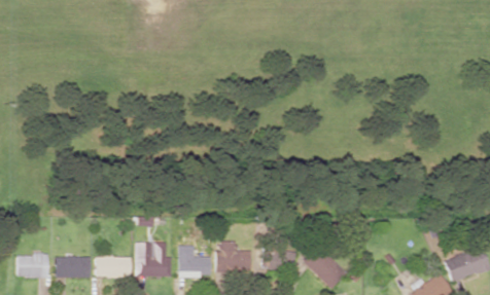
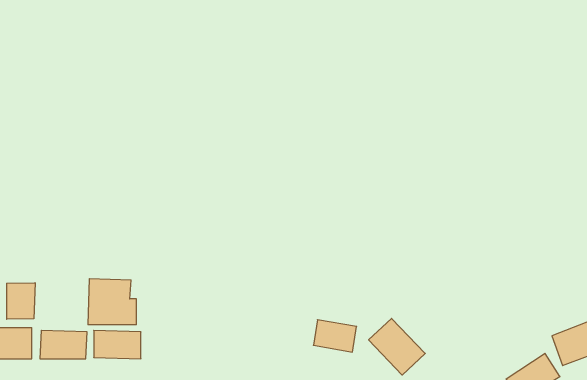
building: none -> [7,283,35,319]
building: [134,242,171,276] -> [88,279,136,325]
building: [215,242,251,272] -> none
building: [178,246,209,275] -> none

